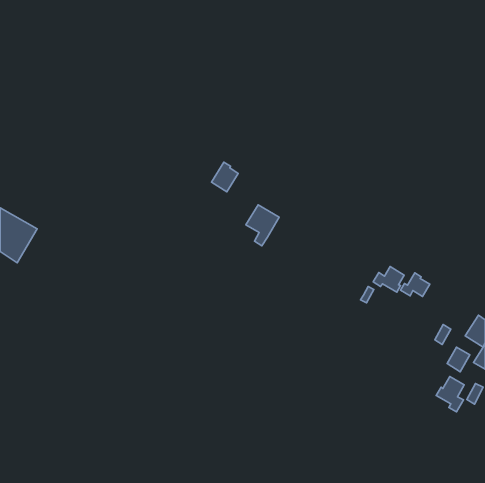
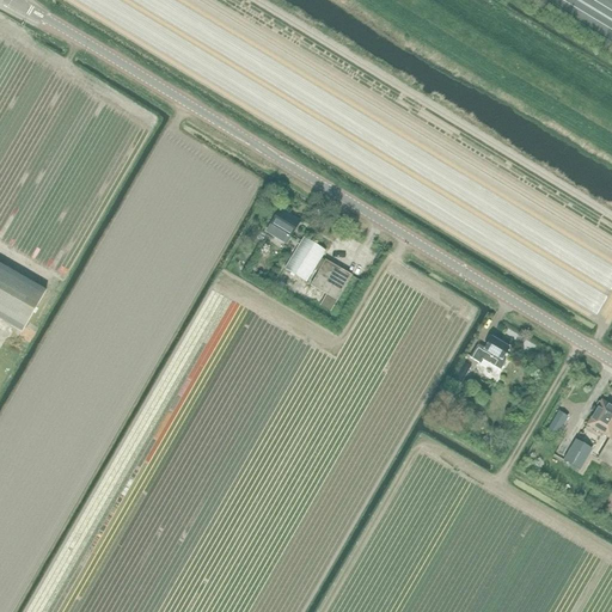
building: none -> [284,235,325,280]
building: [401,273,430,296] -> none
building: [436,376,464,412] -> none

